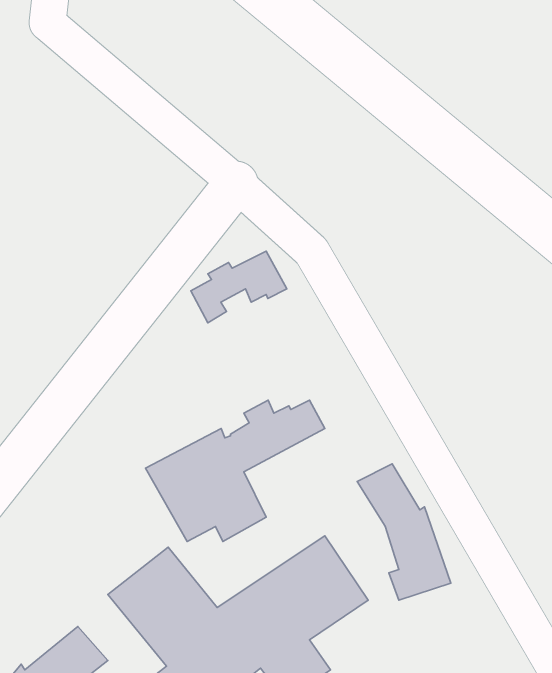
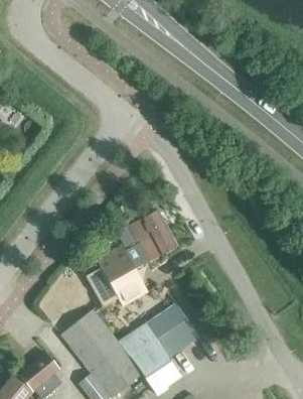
building: [191,251,287,323] -> [117,211,168,249]
building: [357,464,451,600] -> none

